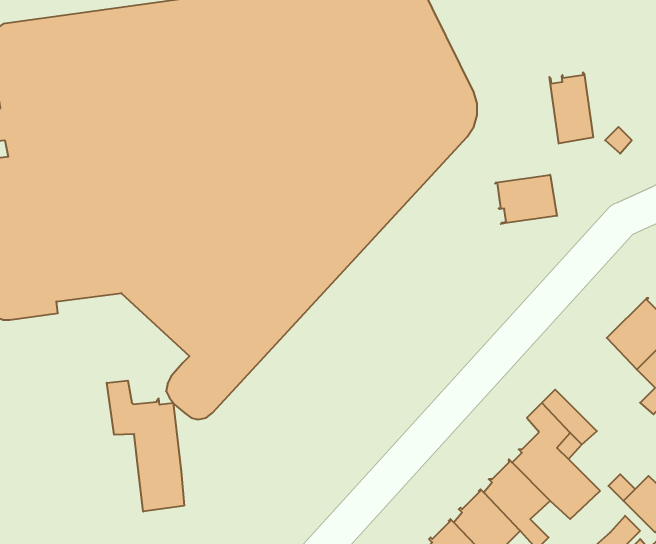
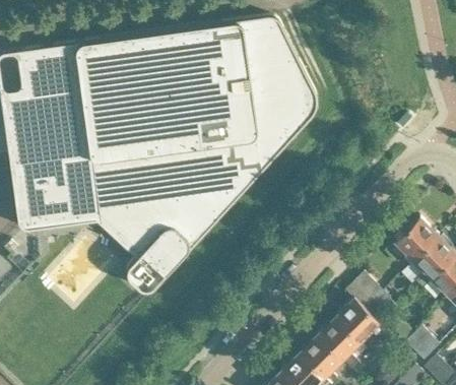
building: [549,72,593,144] -> none
building: [495,175,557,224] -> none
building: [107,381,184,512] -> none

